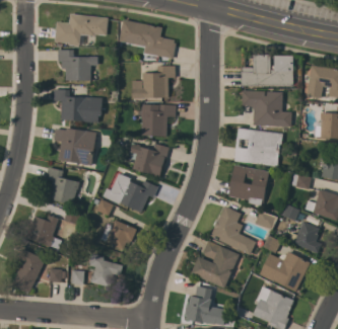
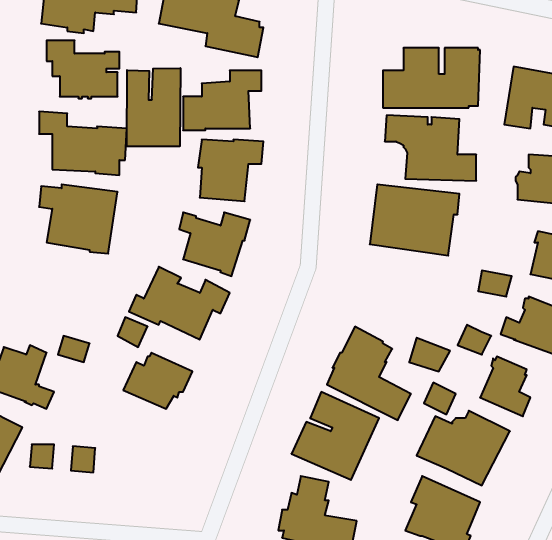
building: none -> [127,68,180,146]
building: [228,164,268,205] -> none
building: [46,167,79,204] -> none
building: [89,253,123,286] -> none

